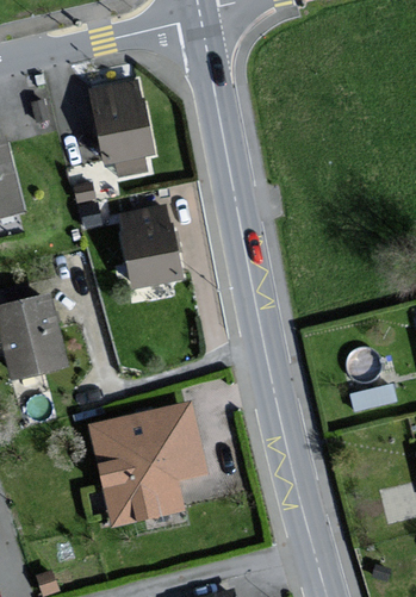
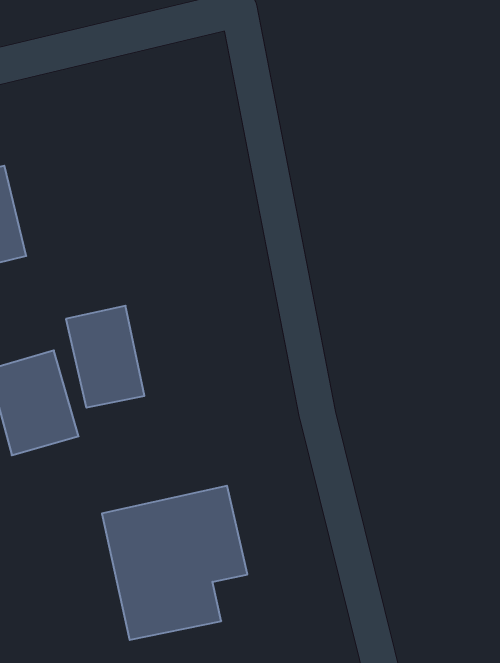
building: [88,76,155,180] -> none
building: [117,206,181,290] -> [66,306,144,408]

